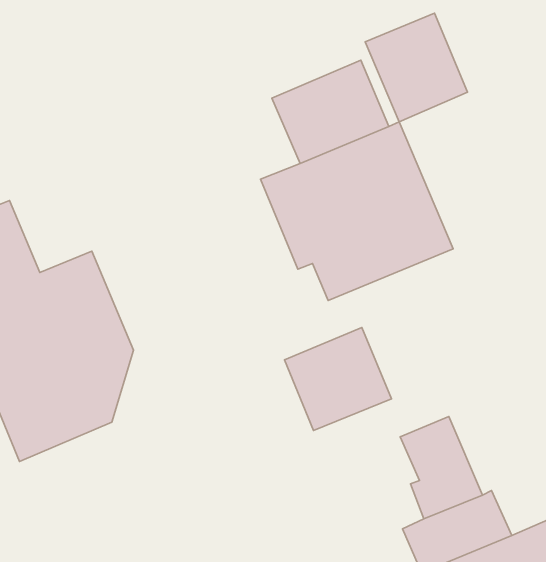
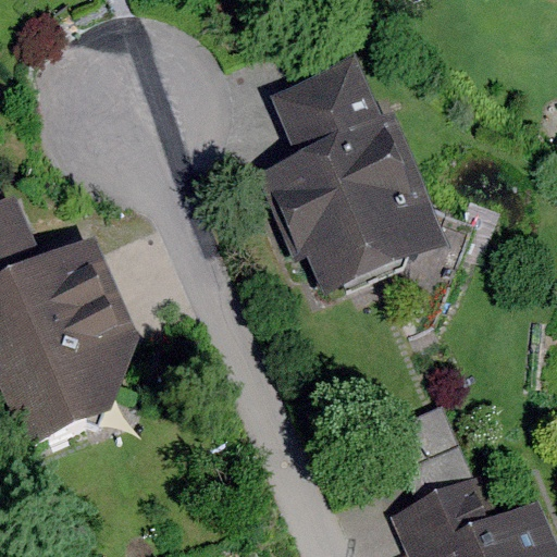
building: [365,13,468,122] -> none
building: [285,327,392,431] -> none

